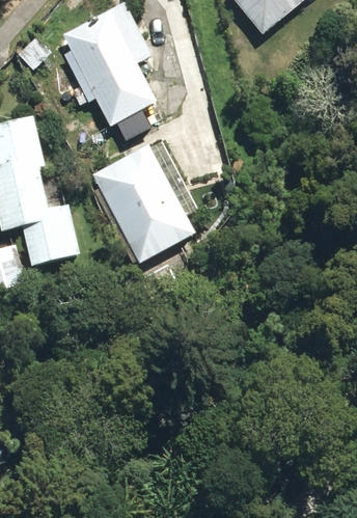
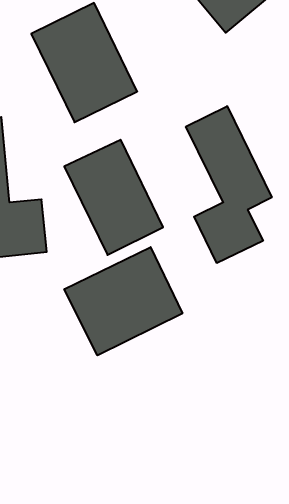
building: none -> [186,106,272,263]
building: none -> [64,247,182,355]

